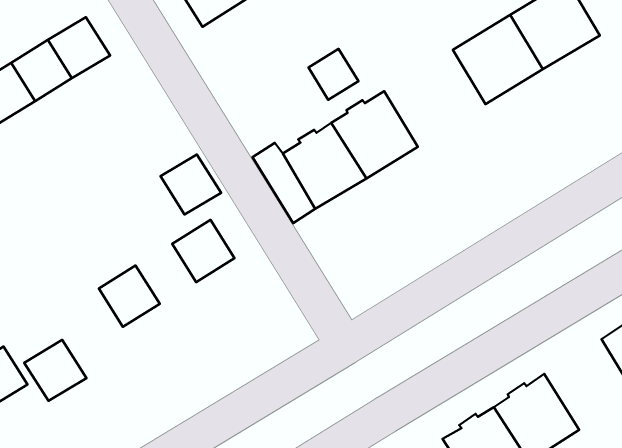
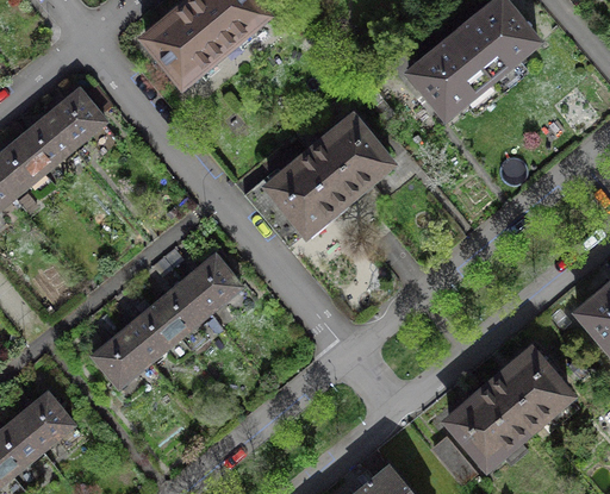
building: [308,49,358,100] -> none
building: [160,155,221,215] -> [154,281,210,336]
building: [24,340,86,401] -> [93,330,150,386]

